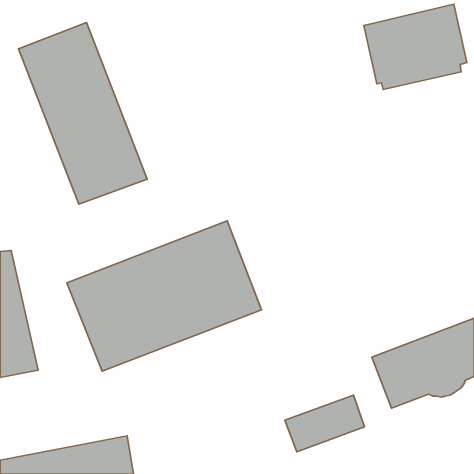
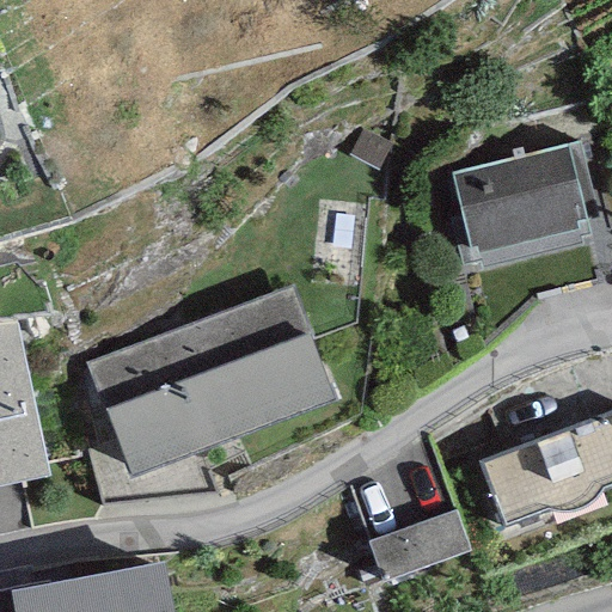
building: [364,4,467,89] -> [452,145,585,255]
building: [18,22,147,204] -> none

